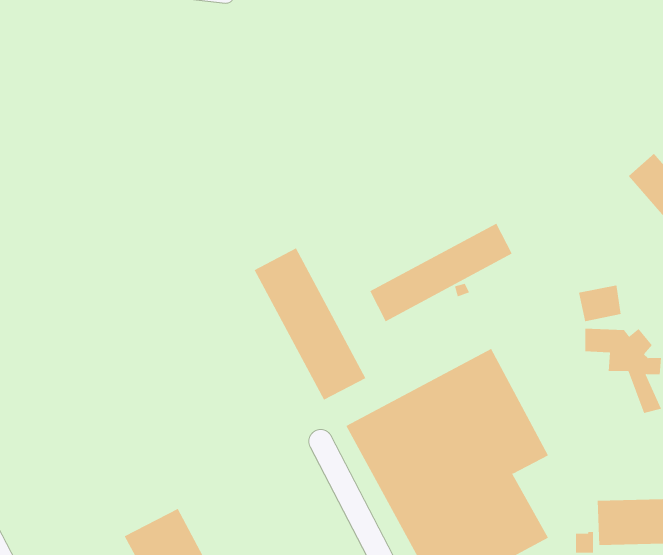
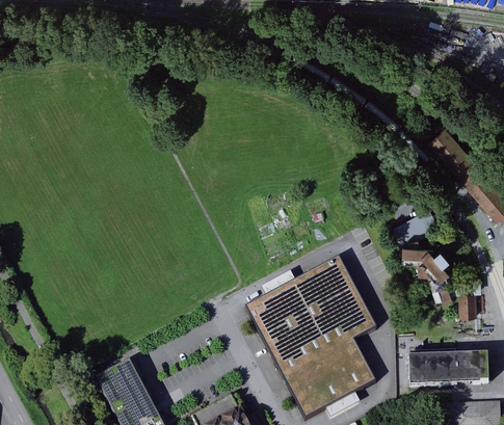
building: [369,223,513,322] -> none
building: [254,247,366,401] -> none

